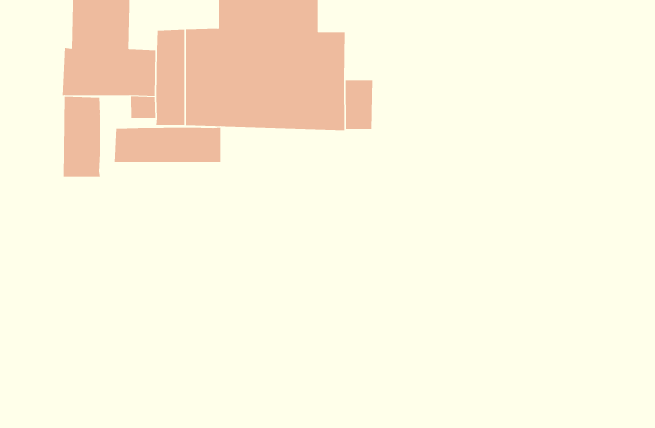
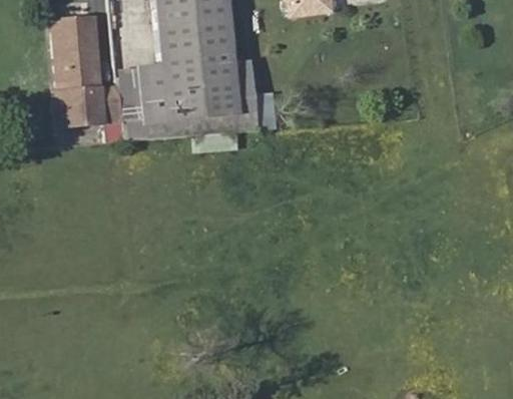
building: [63,96,101,178] -> none
building: [114,127,221,163] -> none

